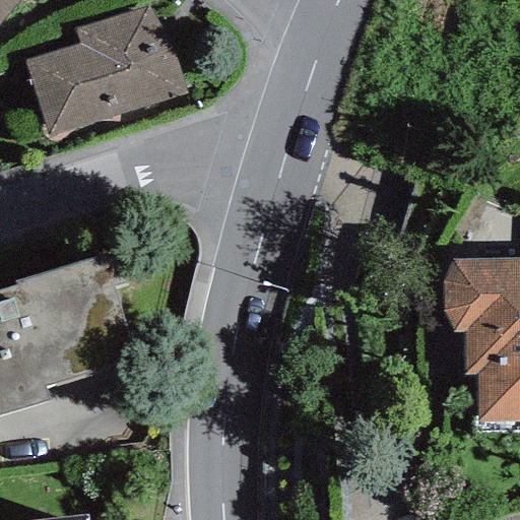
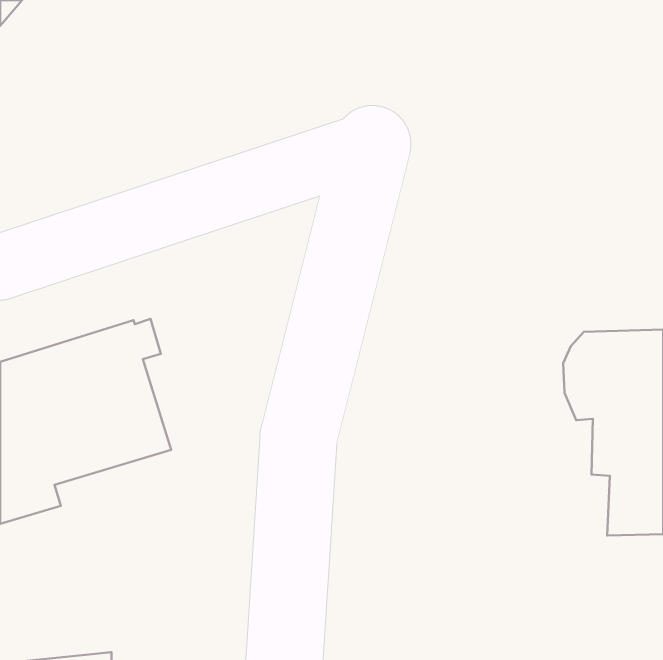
building: [23,7,184,137] -> none

